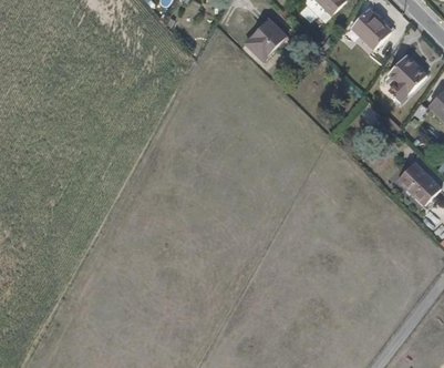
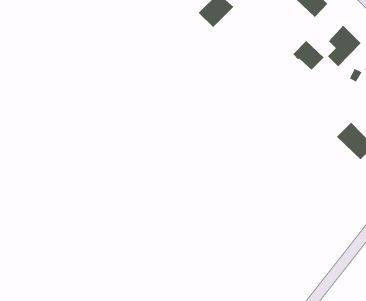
building: none -> [292,40,324,71]

